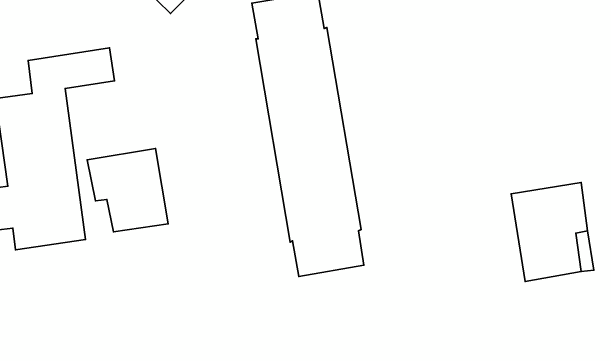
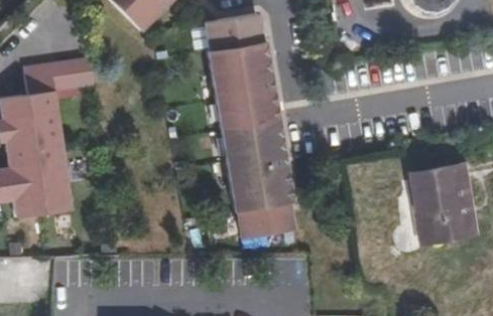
building: [87,148,168,232] -> none

